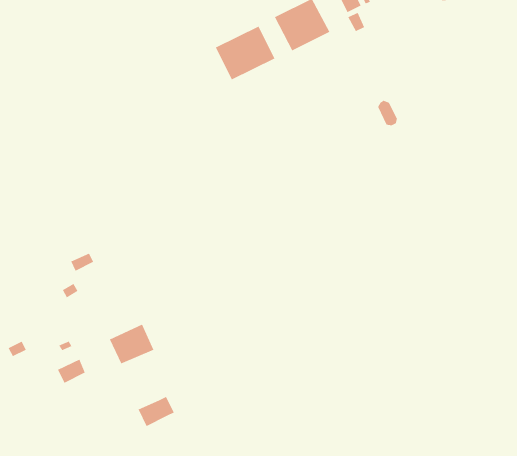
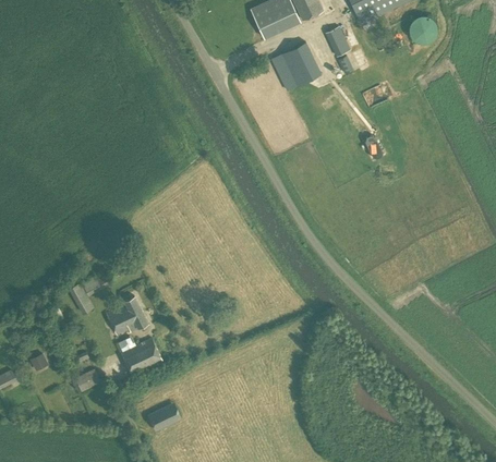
building: [215,26,276,80] -> none
building: none -> [106,295,148,333]

